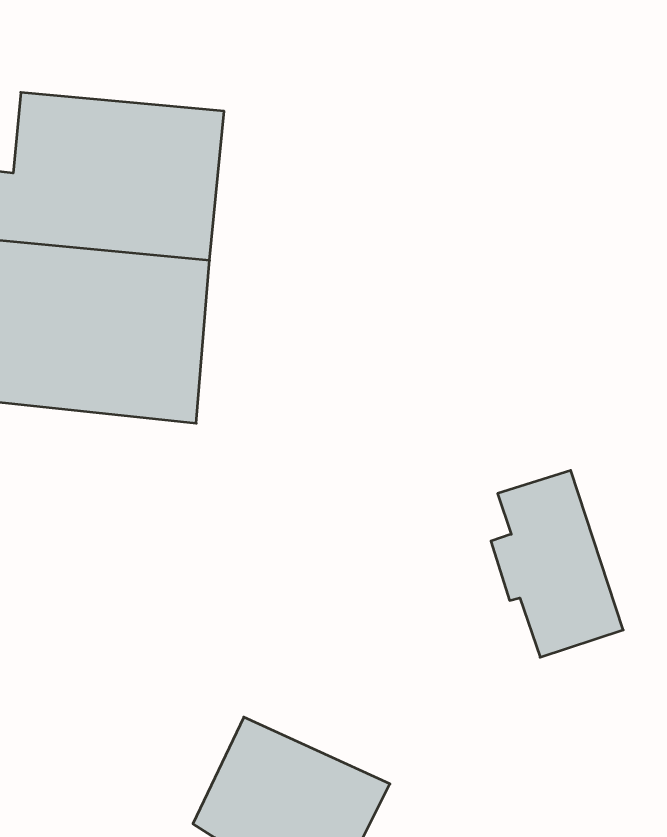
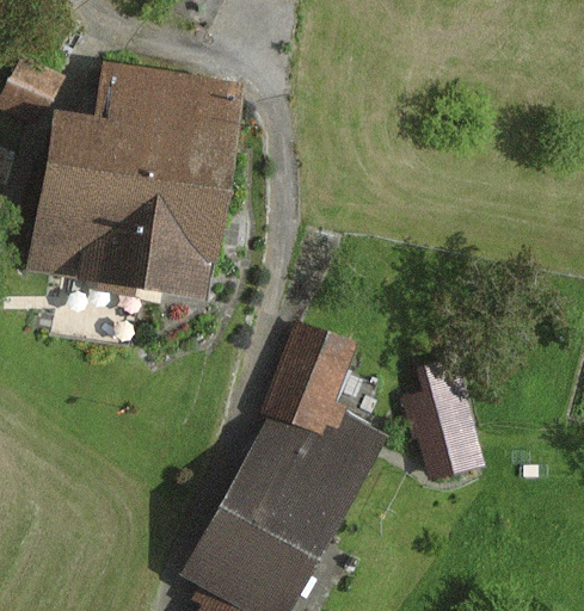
building: none -> [222,325,387,558]

